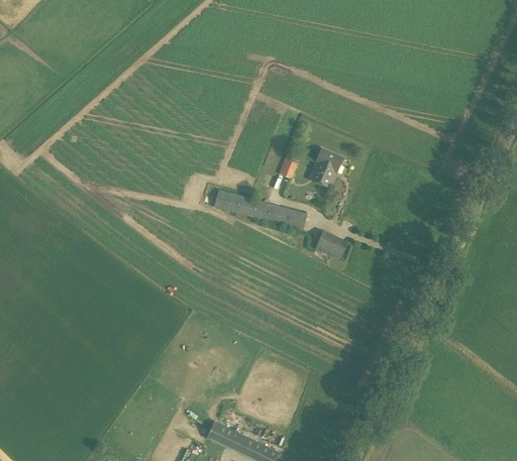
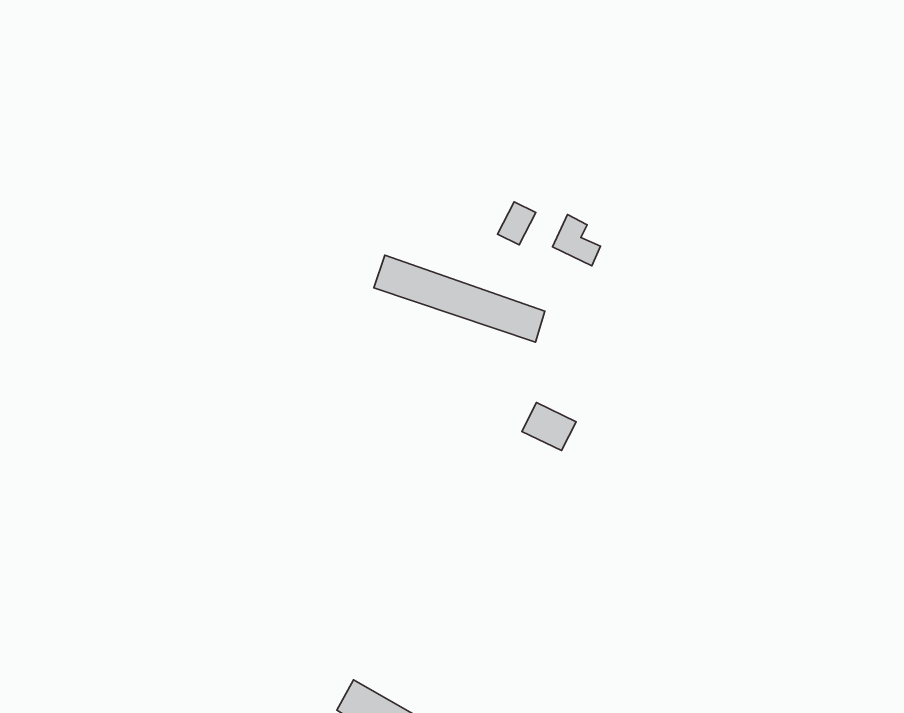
building: [316,148,343,177] -> none
building: [317,232,346,257] -> [522,403,576,450]

